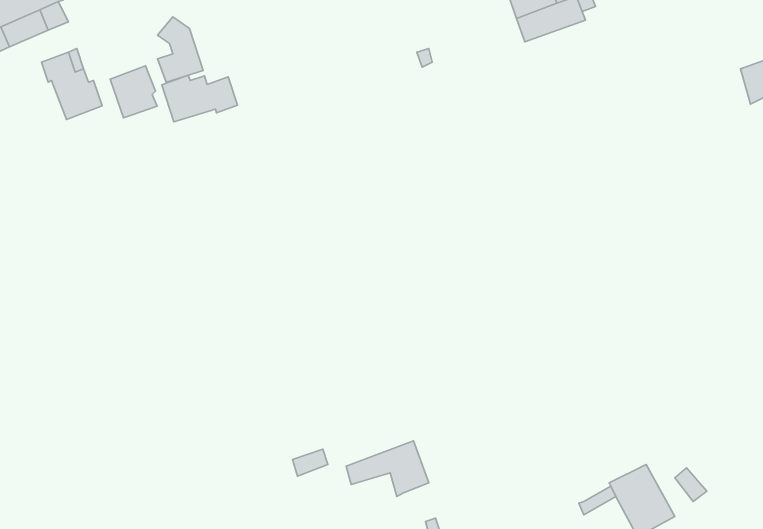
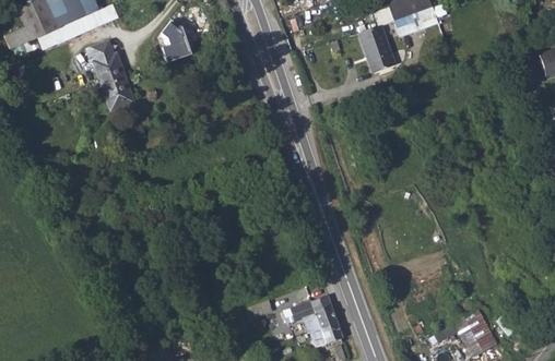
building: none -> [357,25,394,73]
building: [110,66,157,118] -> [102,77,132,111]
building: [162,75,237,122] -> none
building: none -> [310,322,342,347]

